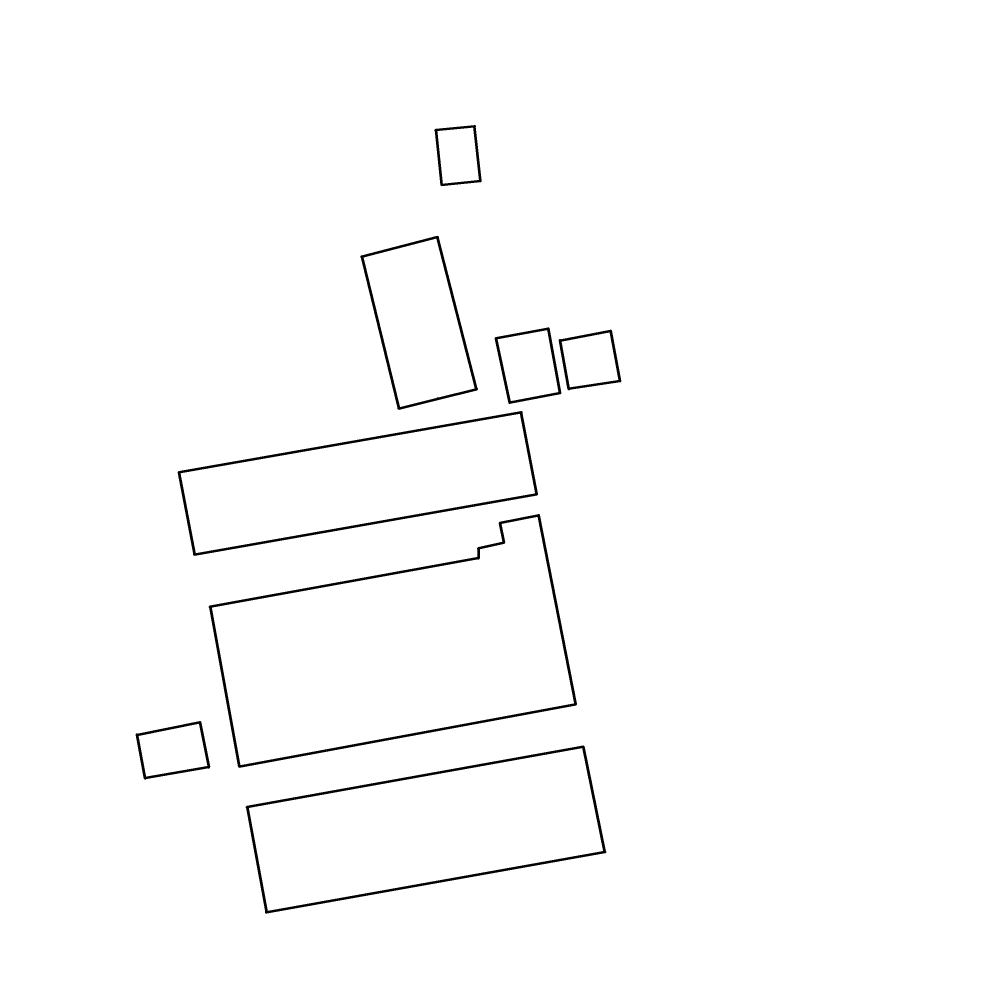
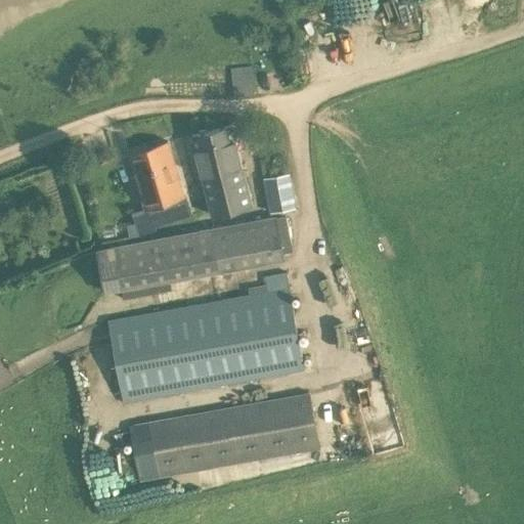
building: none -> [127,142,183,228]
building: [560,331,620,389] -> none
building: [137,722,209,778] -> none

